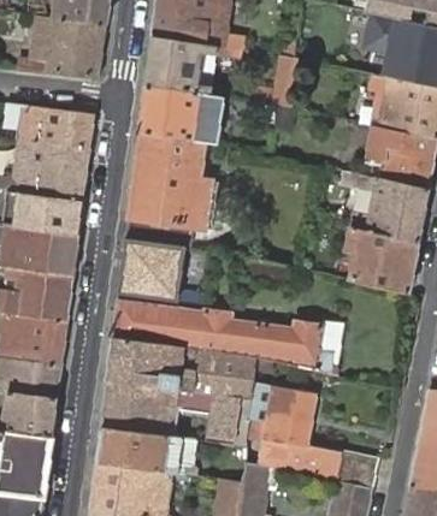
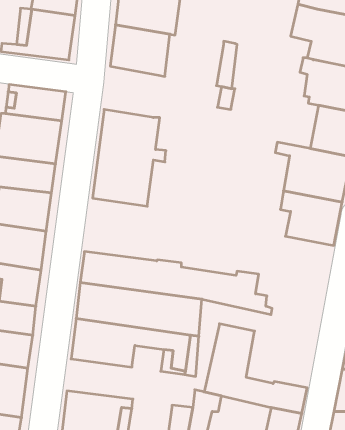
building: [140,83,203,143] -> none
building: [118,237,199,302] -> none
building: [96,425,197,475] -> none

